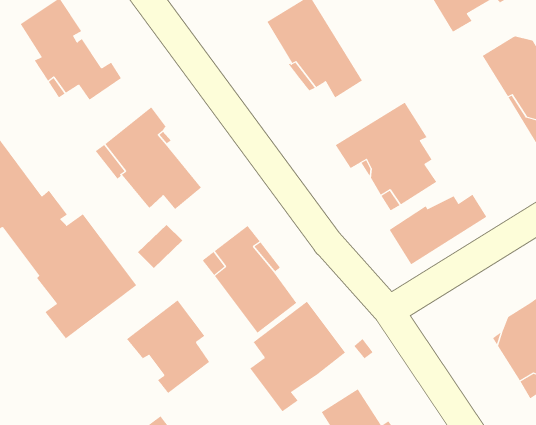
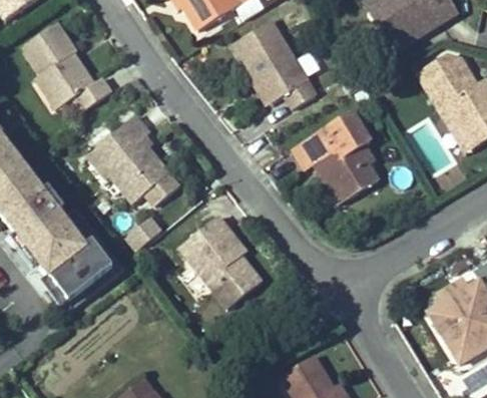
building: [389,194,487,265] -> none
building: [126,300,210,394] -> none
building: [250,301,346,412] -> none

